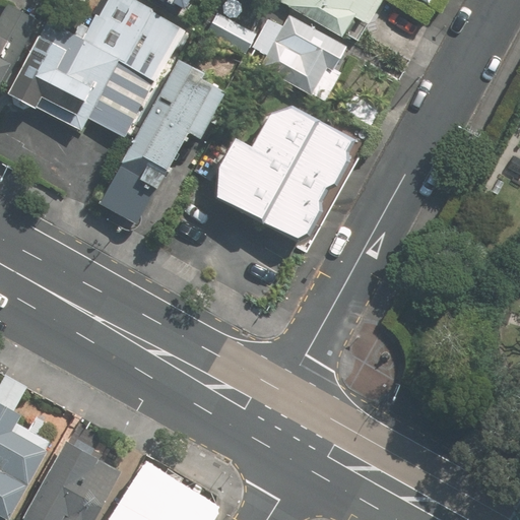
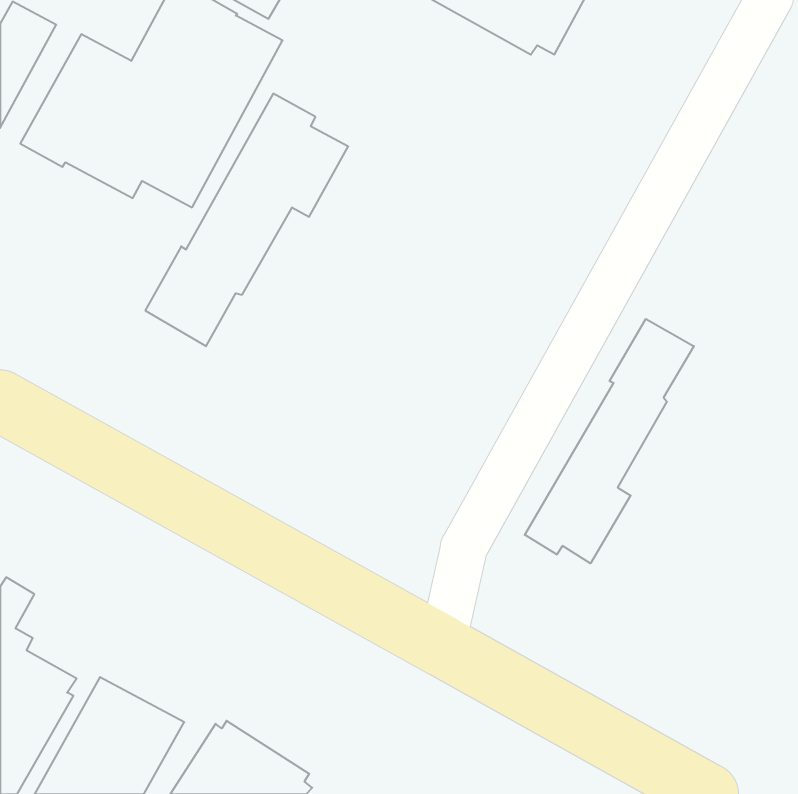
building: [248,13,349,100] -> none
building: [213,109,351,241] -> none
building: none -> [525,319,694,563]

